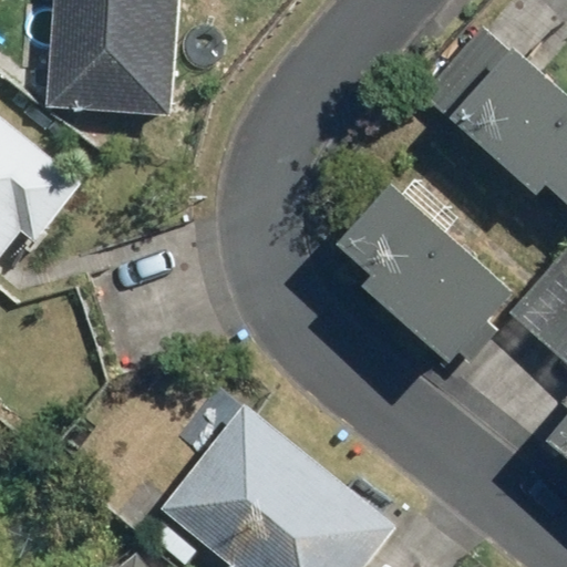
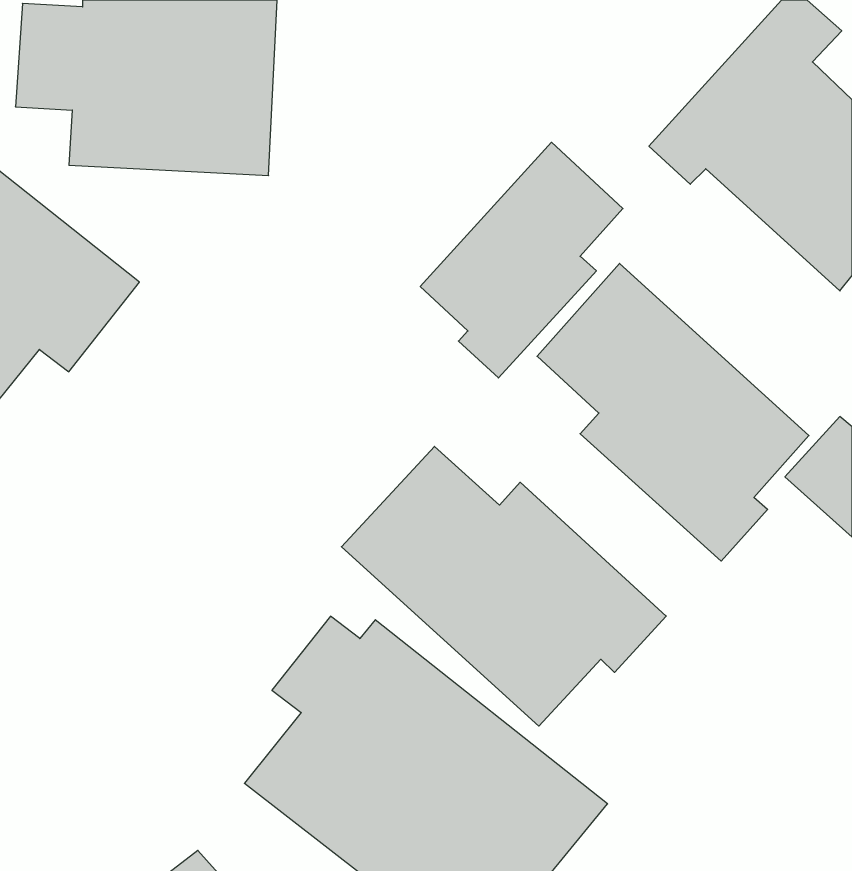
building: none -> [420,142,623,378]
building: none -> [341,446,666,726]

